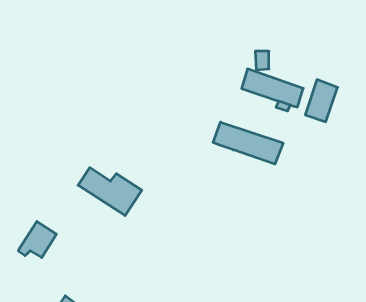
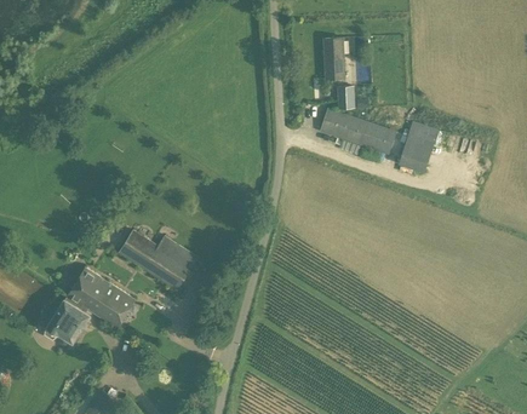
building: none -> [319,38,344,80]
building: [213,122,283,164] -> none
building: none -> [67,266,134,328]

